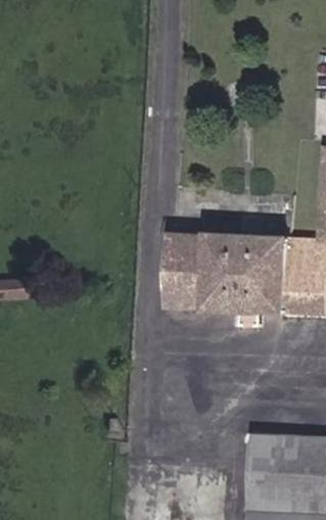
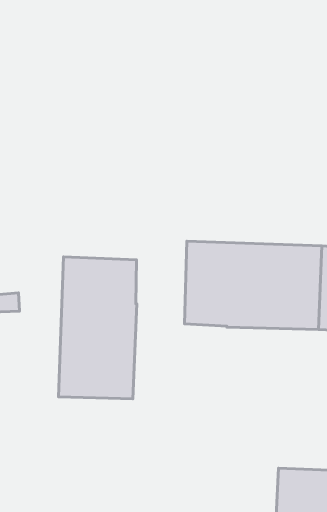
building: none -> [59,257,137,399]

